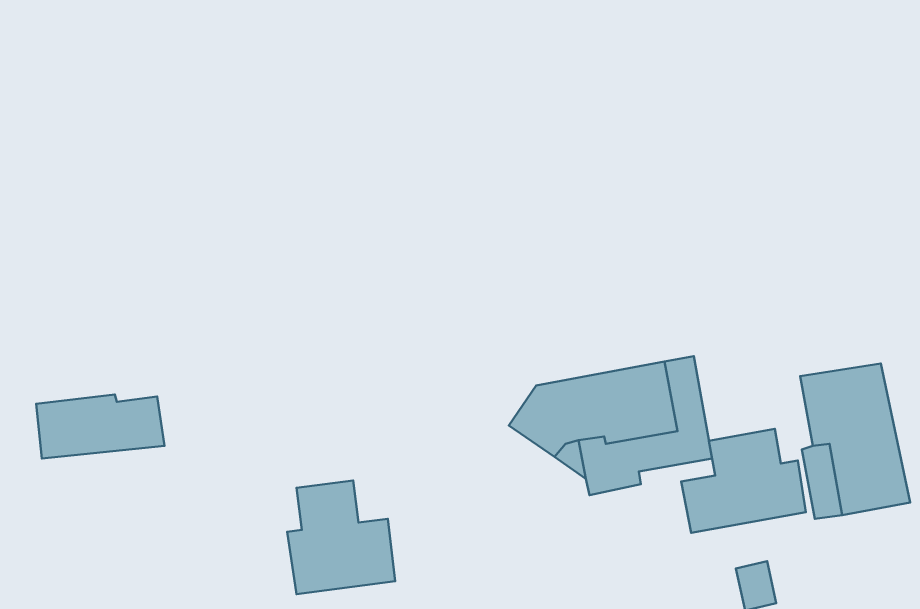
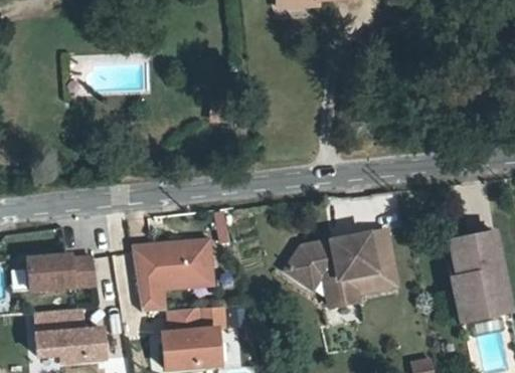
building: none -> [131,233,210,308]
building: [681,429,806,533] -> none
building: none -> [35,305,107,358]

